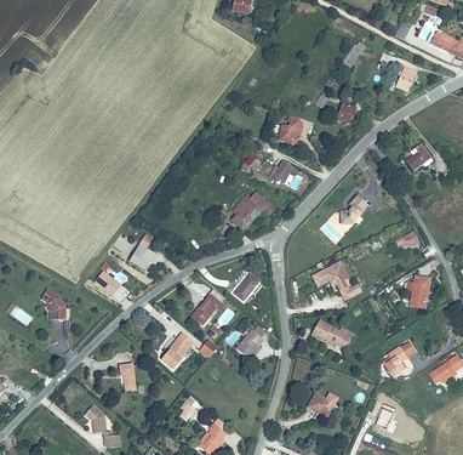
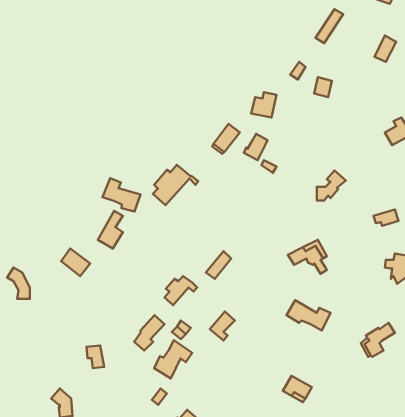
building: [232,189,275,228] -> [153,165,198,205]
building: none -> [102,178,141,212]
building: none -> [154,340,192,379]

